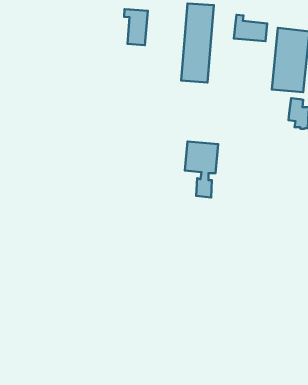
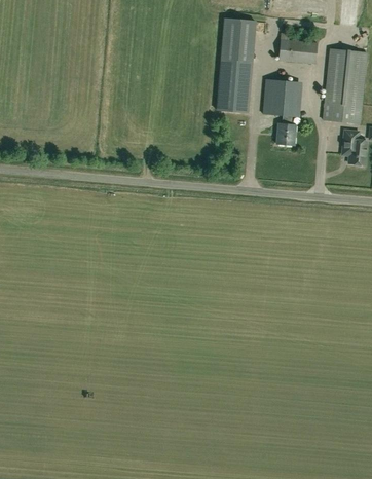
building: [124,9,148,45] -> none
building: [185,141,218,198] -> [263,79,302,145]

